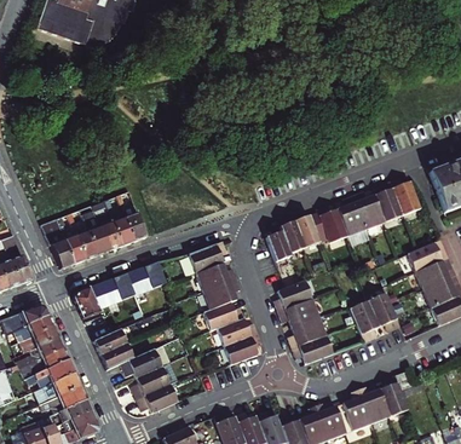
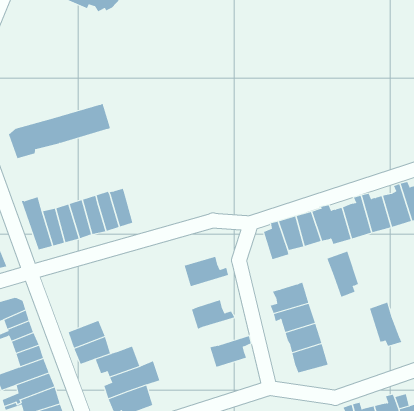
building: [186,240,225,270] -> none
building: [70,259,165,316] -> [8,103,111,159]
building: [201,276,238,307] -> none
building: [348,298,380,341] -> [327,251,359,297]
building: [215,315,259,344] -> none

